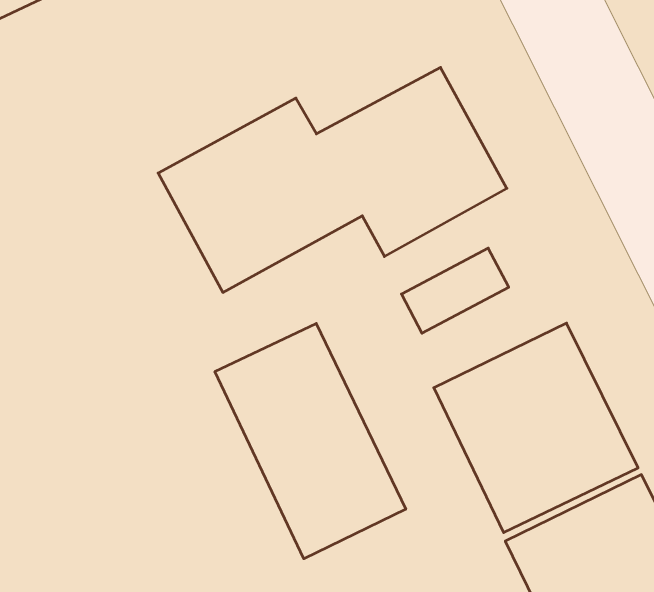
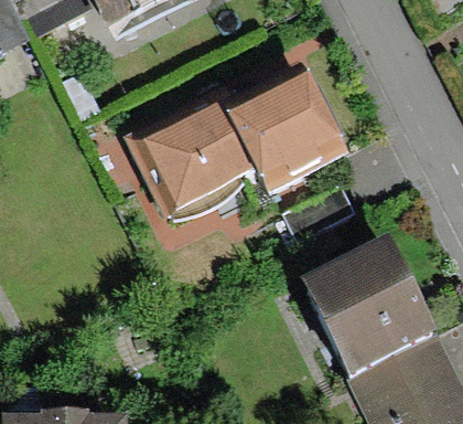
building: [215,323,406,559] -> none

